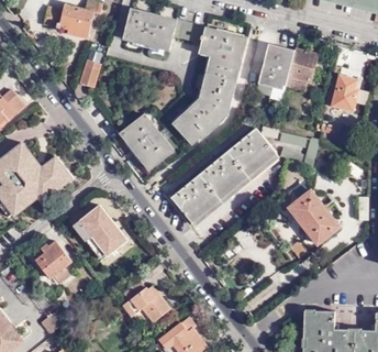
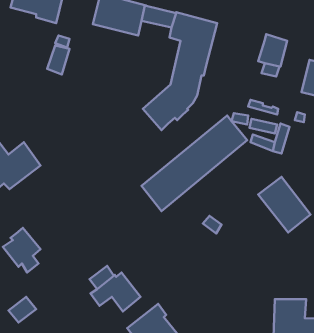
building: [255,46,293,96] -> none
building: [120,113,173,169] -> none
building: [74,205,126,258] -> none

